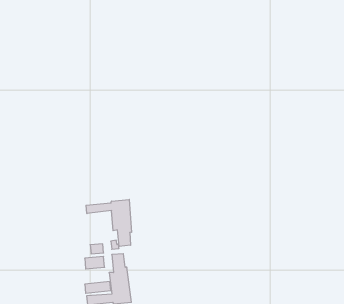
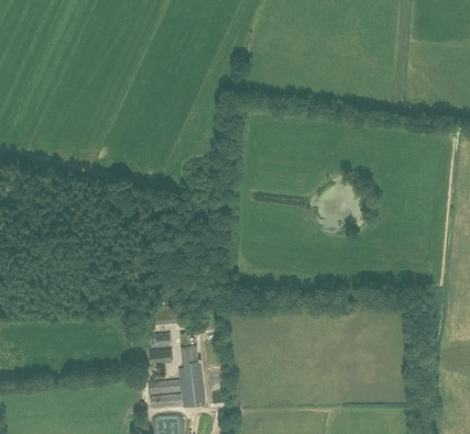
building: [86,199,132,247] -> none

